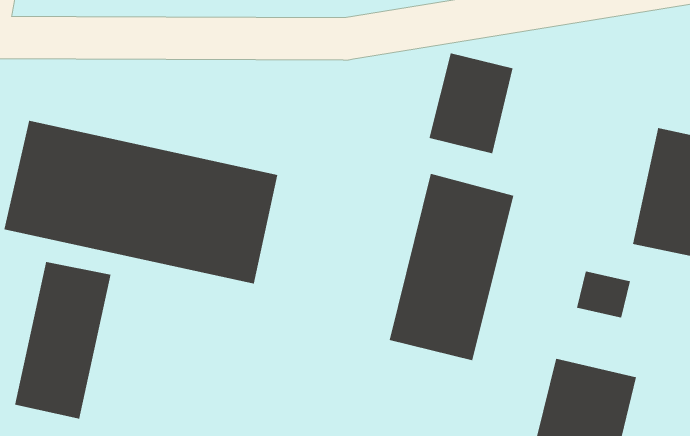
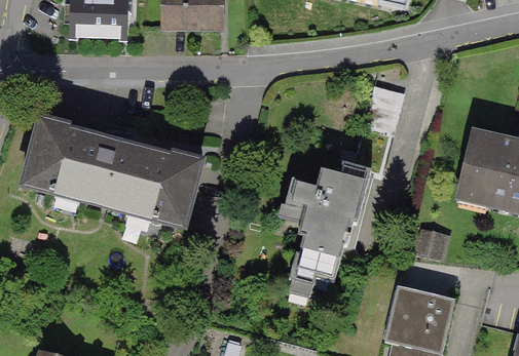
building: [429,53,513,154] -> none
building: [15,261,111,420] -> none

